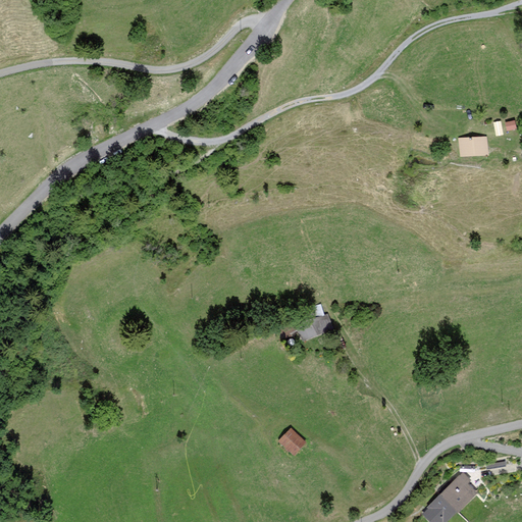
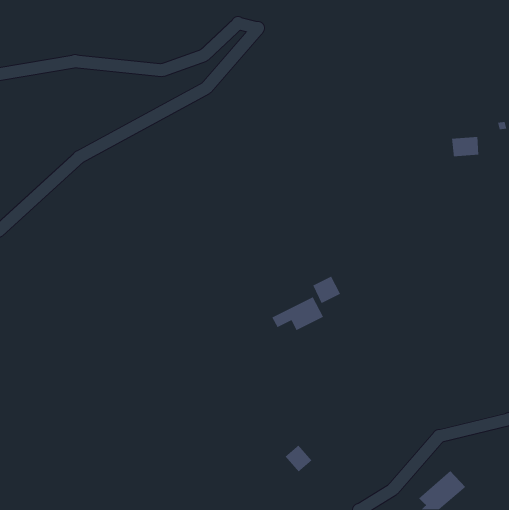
building: none -> [312,276,341,304]
building: [276,423,305,452] -> [285,445,313,473]

